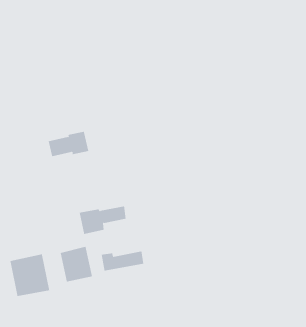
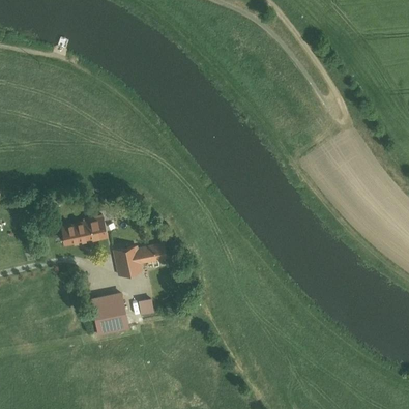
building: [48,131,89,157] -> [61,216,108,245]
building: [10,253,50,297] -> none

